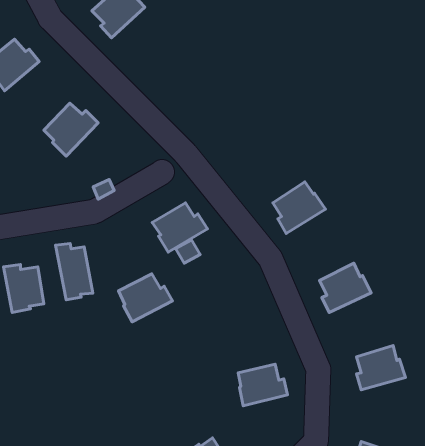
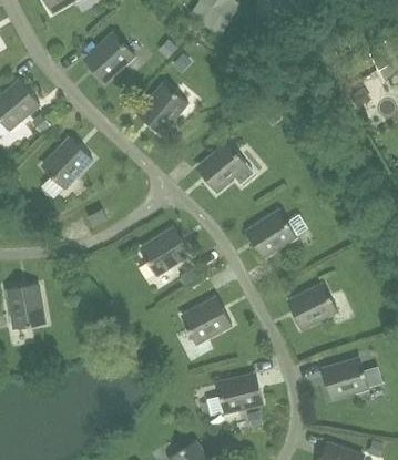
building: none -> [141,84,187,133]
building: none -> [200,143,247,191]
building: [56,243,93,300] -> none
building: [119,274,173,322] -> [183,299,232,343]

